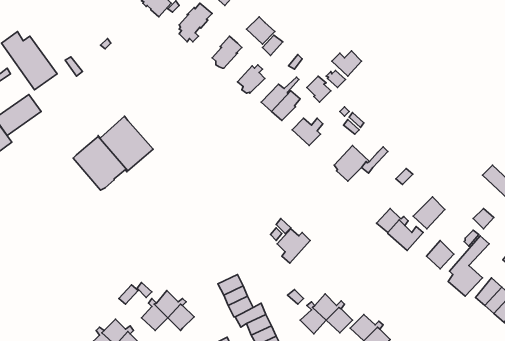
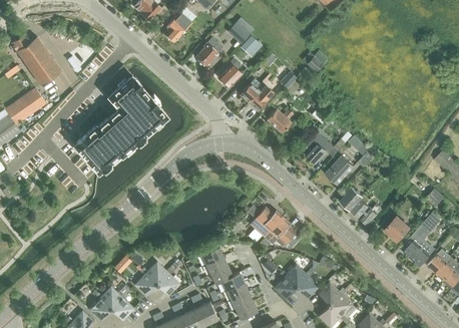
building: none -> [101,65,167,136]
building: [413,197,445,229] -> [326,156,354,185]
building: none -> [257,217,296,247]

